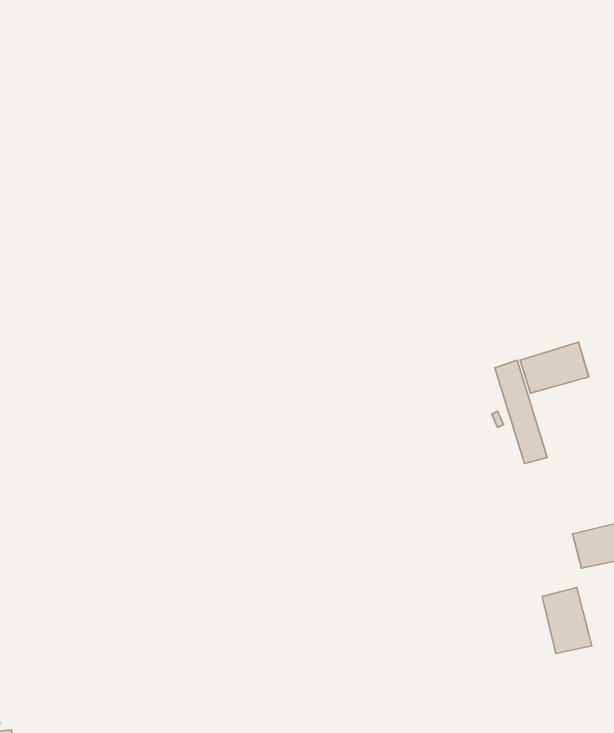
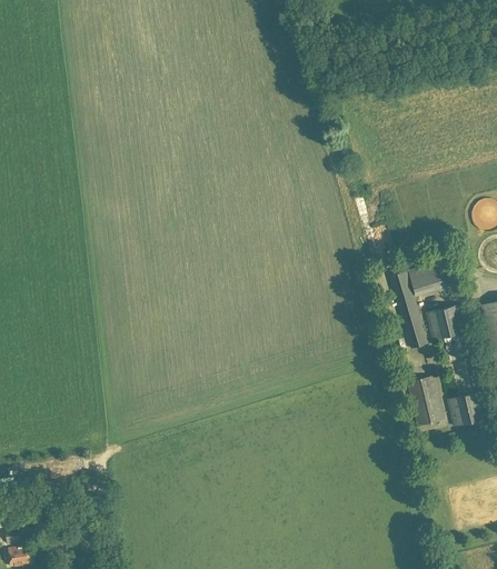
building: none -> [426,306,468,335]
building: [542,588,592,653] -> [408,377,445,426]

